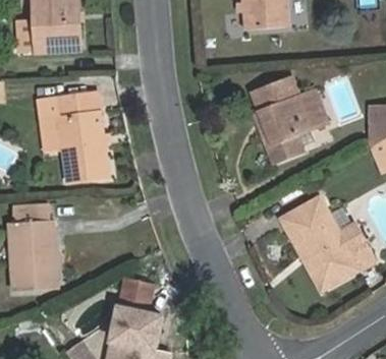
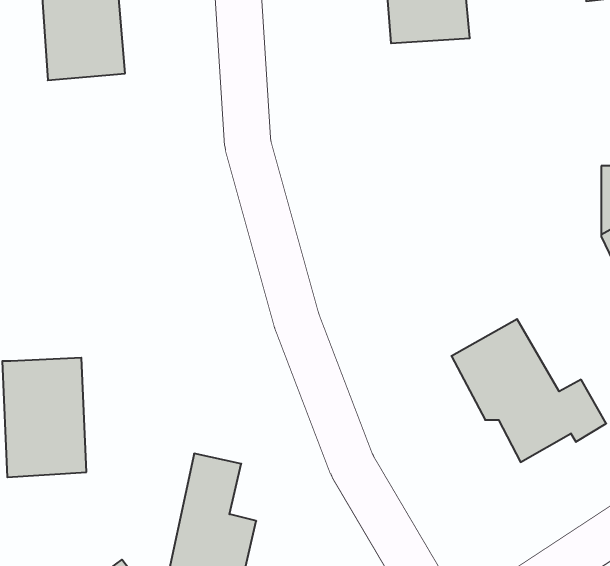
building: [252,76,327,145] -> none
building: [42,92,110,183] -> none

